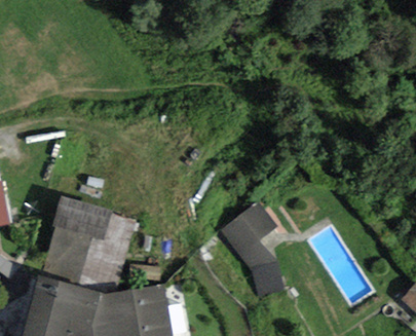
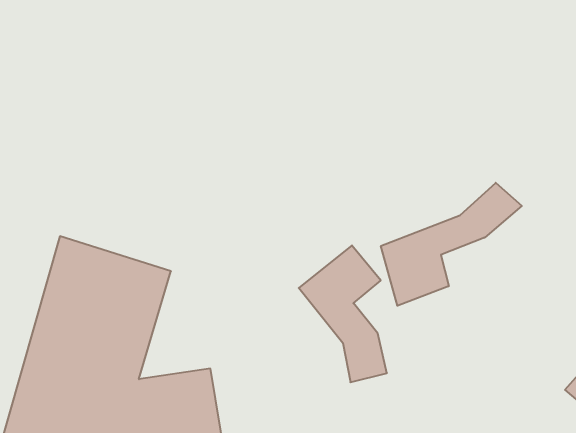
building: none -> [381,183,522,306]

